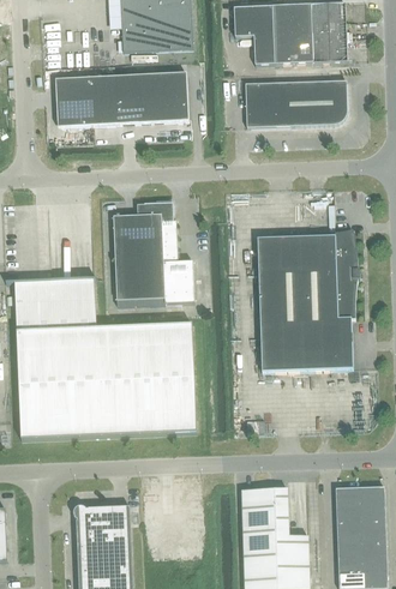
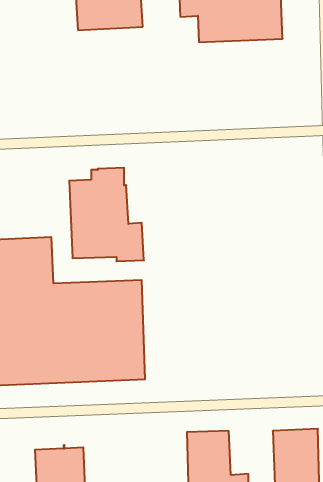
building: [55,71,188,126] -> none
building: [245,79,347,126] -> none
building: [257,228,359,371] -> none

